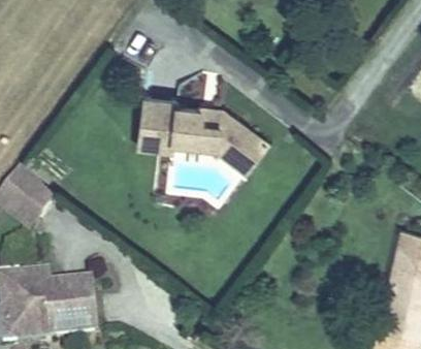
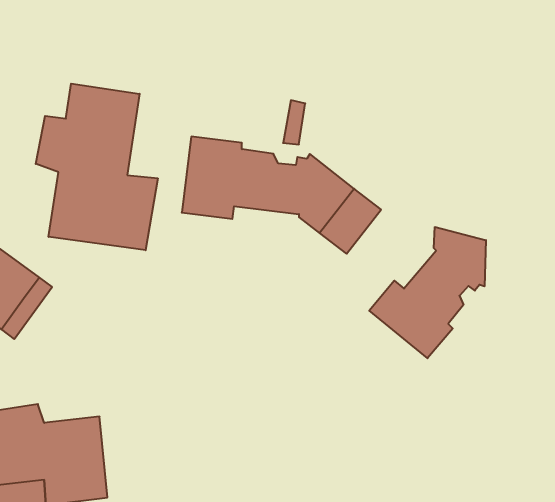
building: none -> [36,84,158,250]
building: none -> [369,227,486,358]

